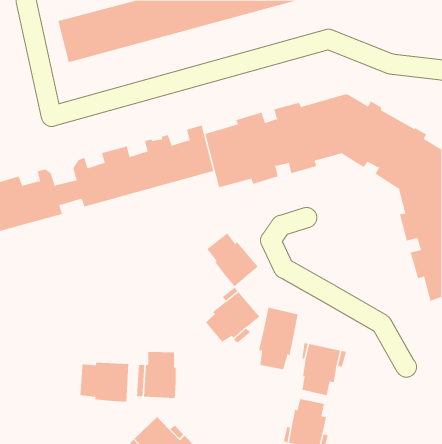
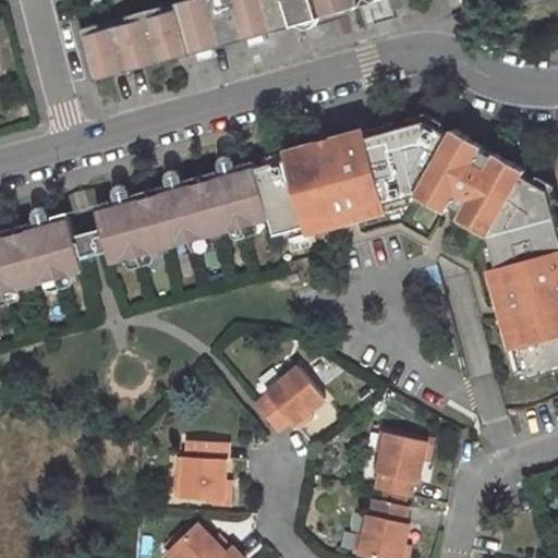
building: [207,232,258,287] -> none
building: [259,307,298,370] -> none
building: [80,362,129,402] -> none

